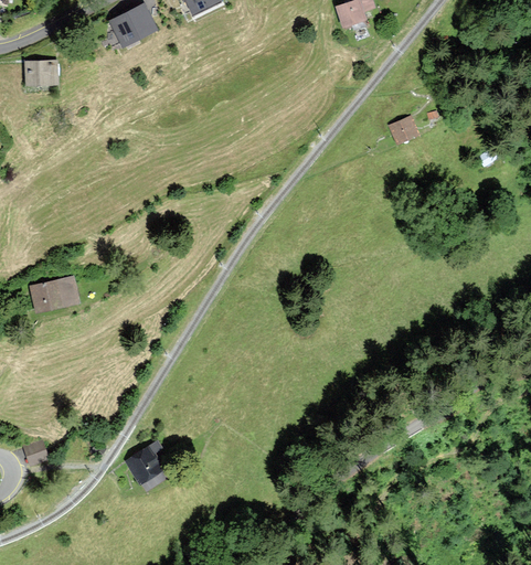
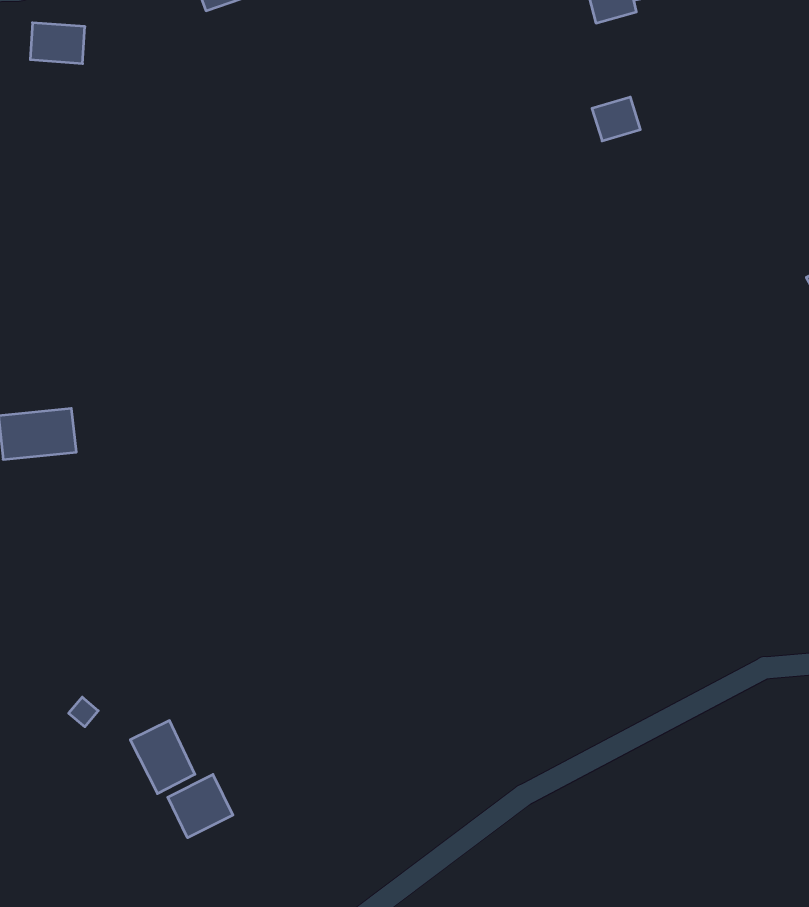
building: [389,116,417,142] -> [592,97,640,141]
building: none -> [168,774,233,838]

